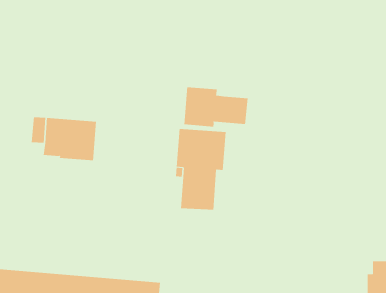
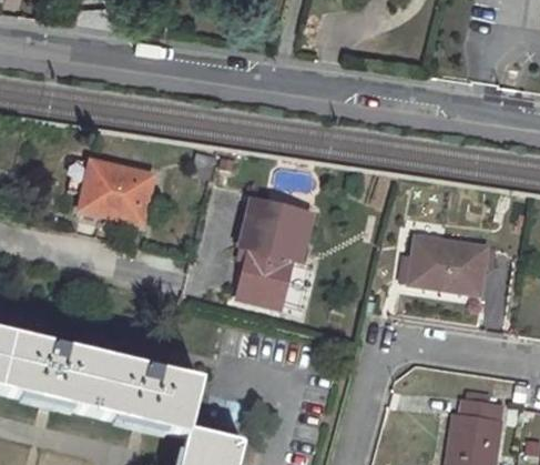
building: [184,87,248,127] -> none
building: none -> [409,235,488,294]

